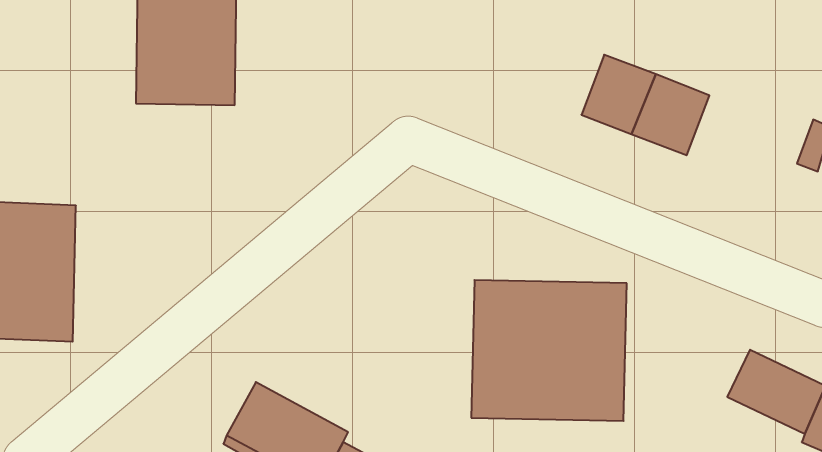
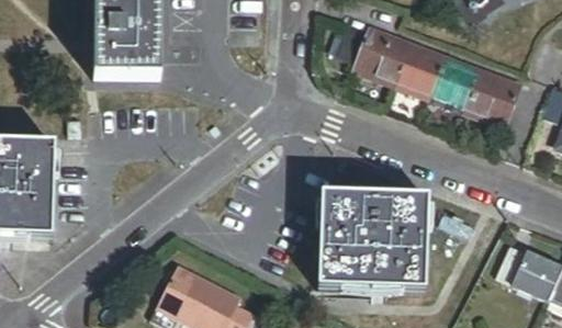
building: none -> [338,27,411,84]
building: none -> [467,71,519,127]

